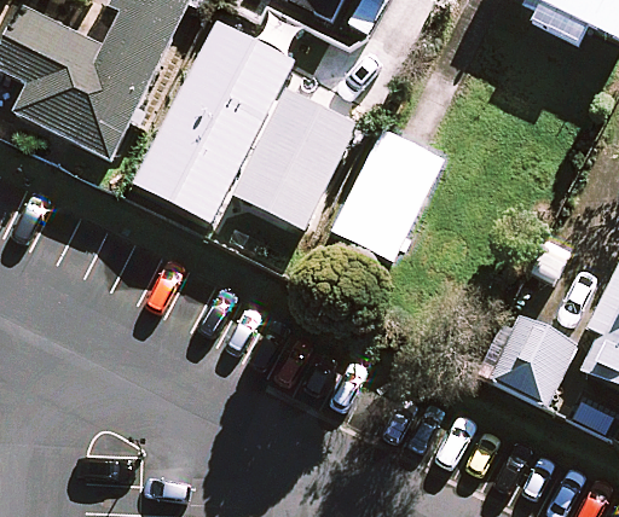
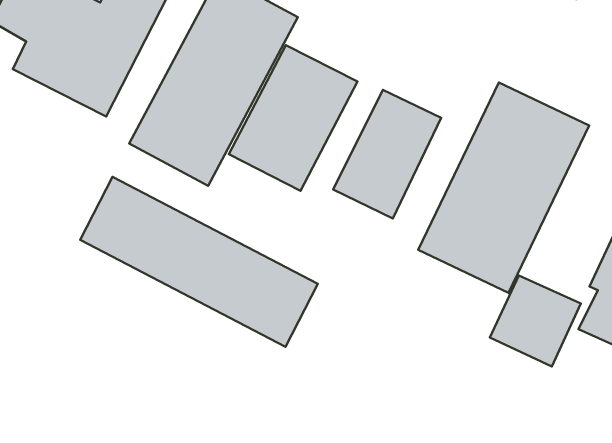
building: none -> [418,83,589,293]
building: none -> [80,177,318,347]

